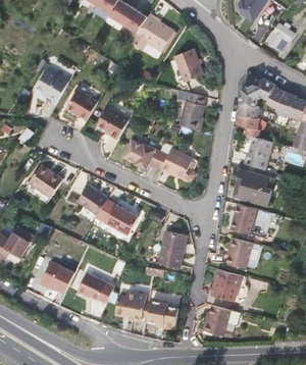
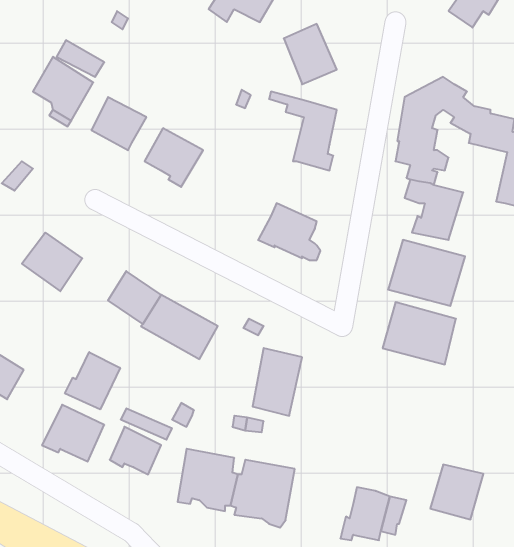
building: [122,140,167,170] -> none
building: none -> [65,352,120,409]
building: [226,238,253,269] -> none
building: [211,270,241,301] -> [430,465,483,519]

